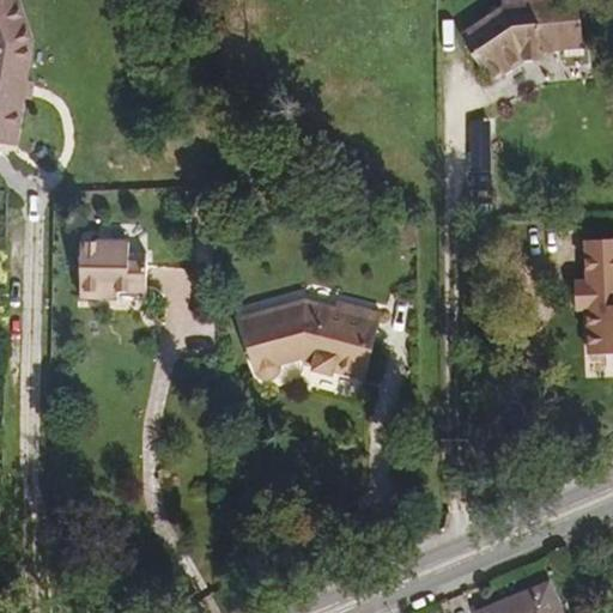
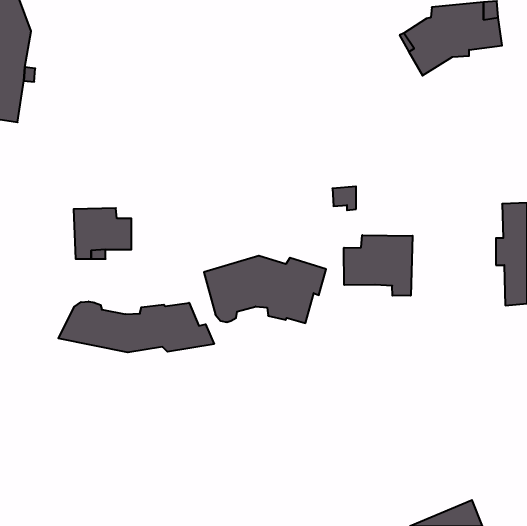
building: none -> [344,235,413,296]
building: none -> [58,301,214,352]

